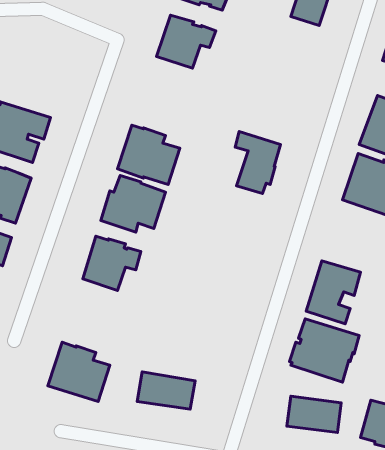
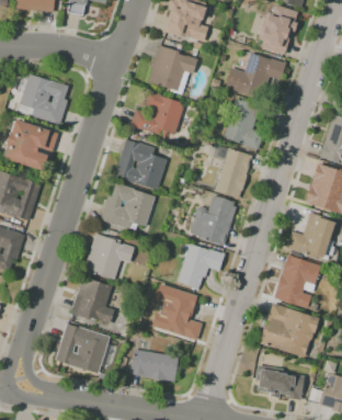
building: none -> [225,53,286,99]
building: none -> [19,73,68,125]
building: none -> [129,92,187,140]
building: none -> [224,99,263,149]
building: none -> [190,195,238,246]
building: none -> [286,213,335,259]
building: none -> [176,243,225,288]
building: none -> [69,276,114,325]
building: none -> [162,291,202,340]

